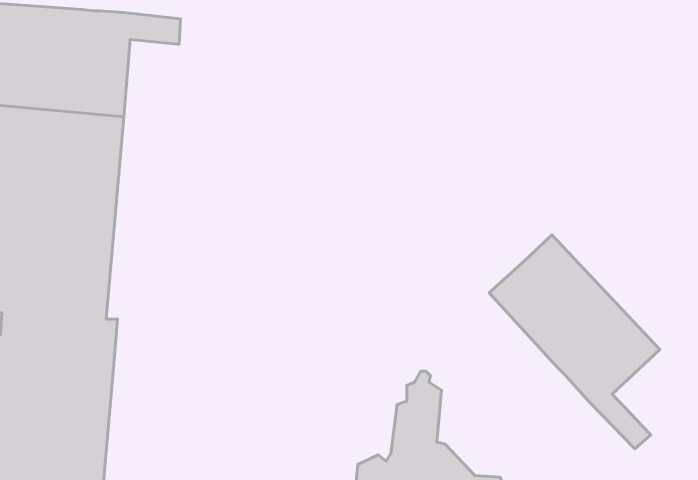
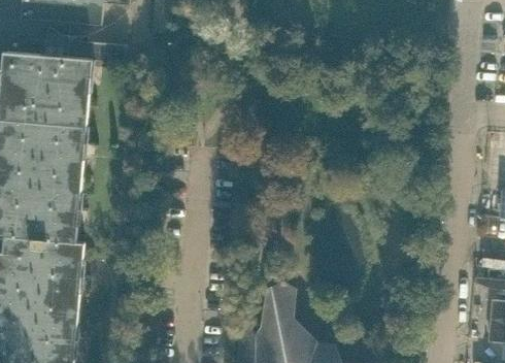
building: [489,235,660,449] -> none

